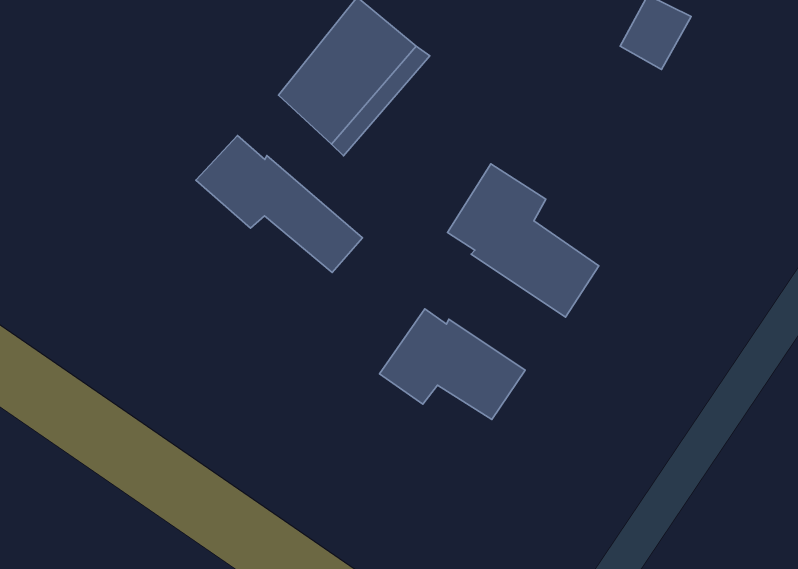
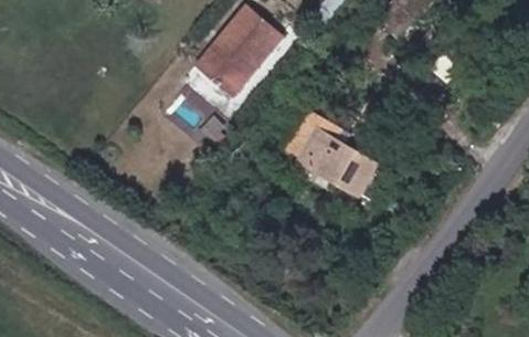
building: [196,135,362,272] -> none
building: [379,309,525,419] -> none

